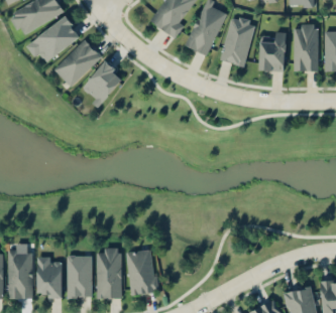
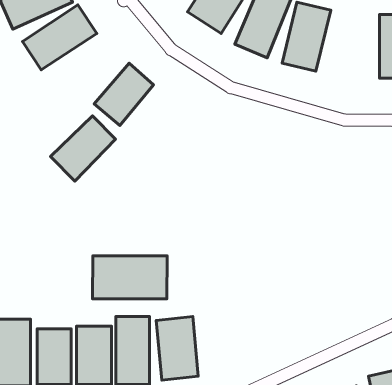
building: [259,32,286,71] -> none
building: [53,39,102,88] -> [51,116,116,181]
building: none -> [93,256,167,299]

